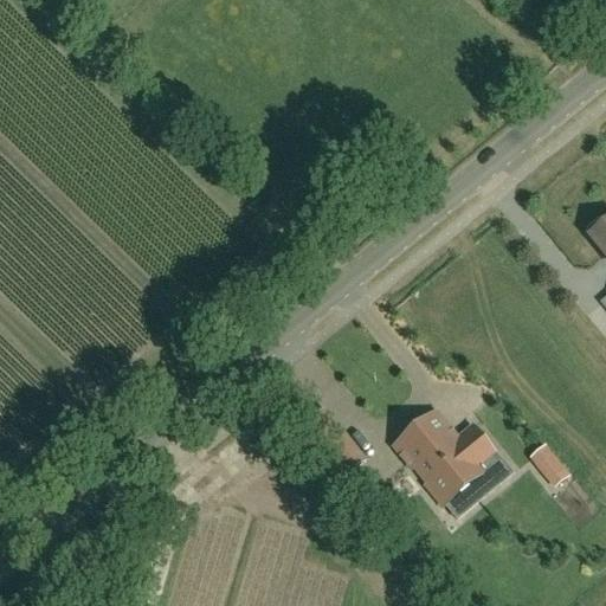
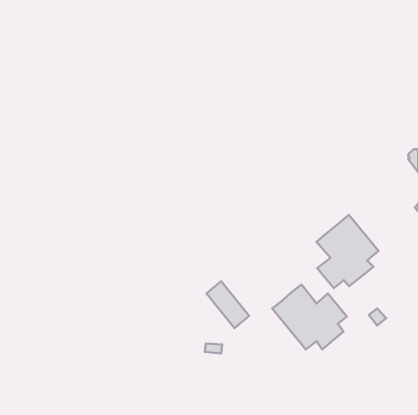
building: none -> [317,215,378,288]

